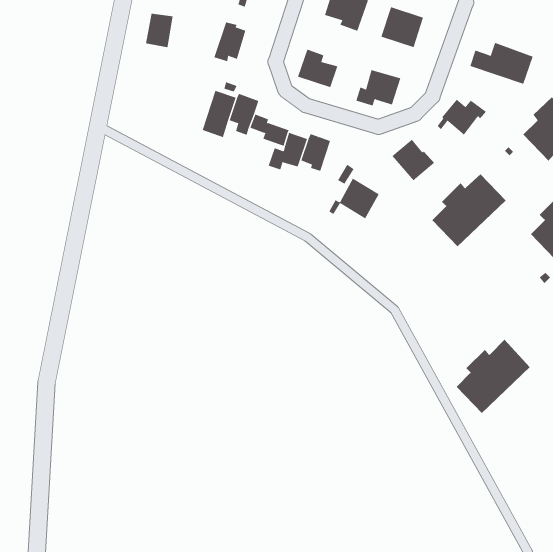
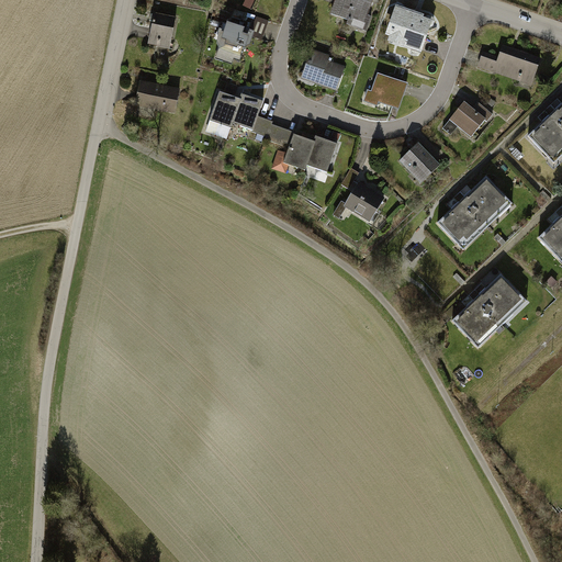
building: none -> [134,79,180,113]
building: [456,339,531,414] -> [452,271,528,347]

